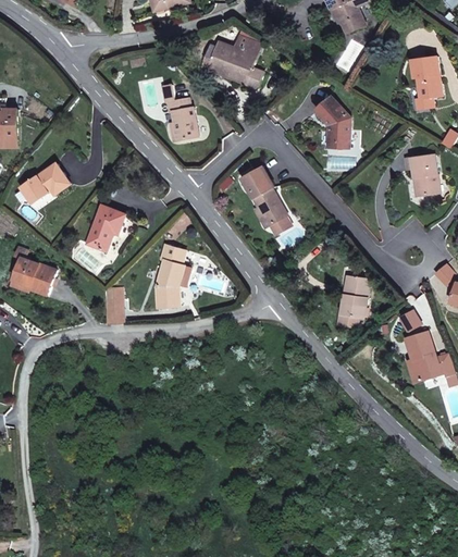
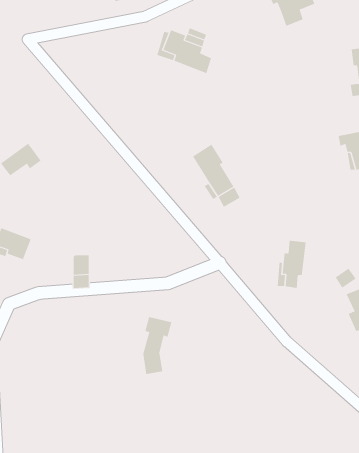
building: [161,89,197,144] -> none
building: [313,97,349,148] -> none
building: [89,203,132,251] -> none
building: [160,243,193,307] -> [143,316,172,375]

